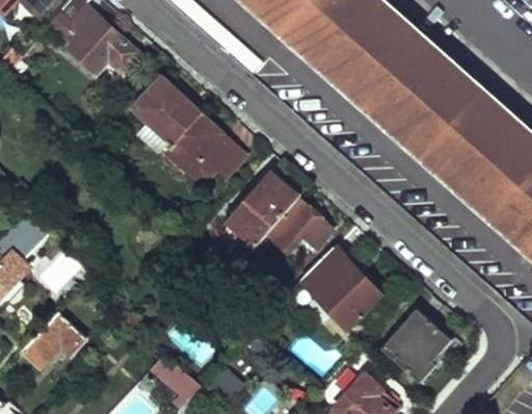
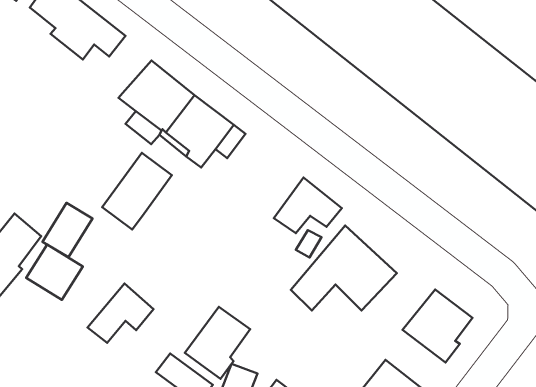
building: [231,176,298,248] -> [102,153,172,230]
building: none -> [43,203,93,257]
building: [23,313,86,368] -> [87,283,154,343]
building: none -> [185,307,250,379]

